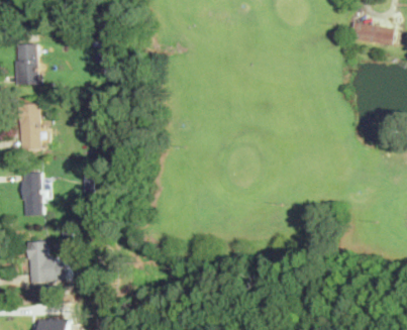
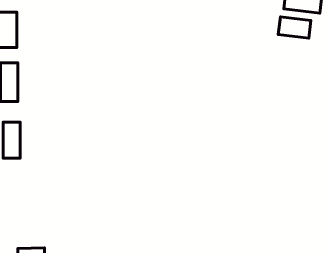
building: none -> [278,17,311,38]
building: [26,242,63,284] -> none

